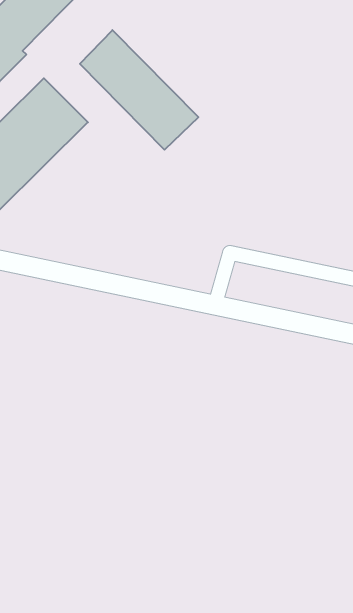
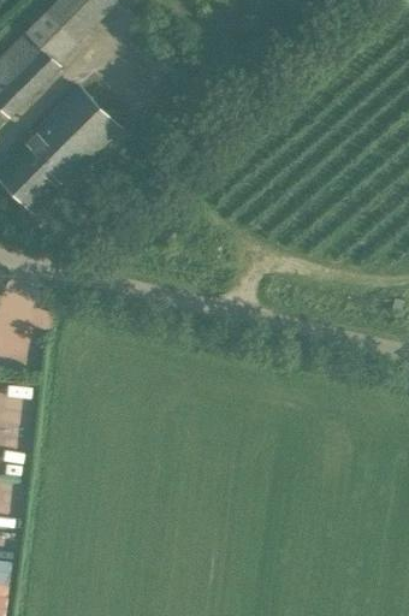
building: [80,30,198,150] -> none

